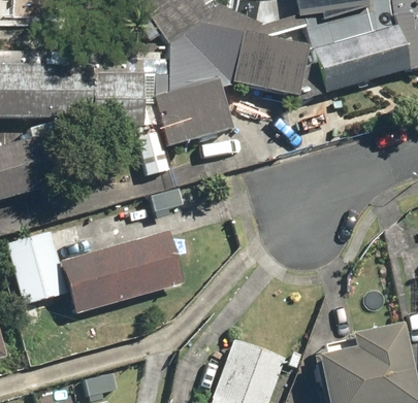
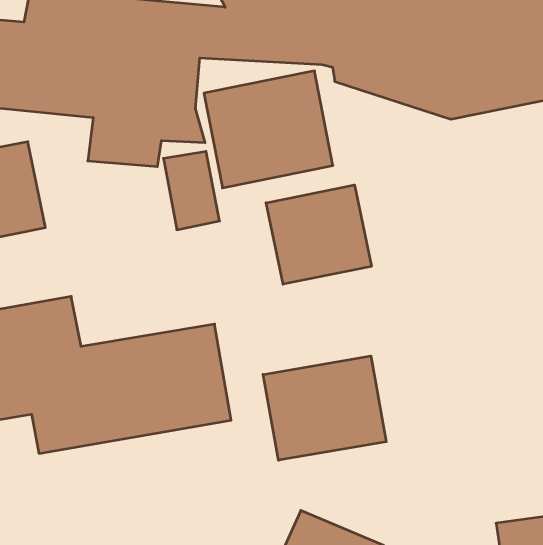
building: none -> [266,185,371,284]
building: none -> [263,356,386,460]

